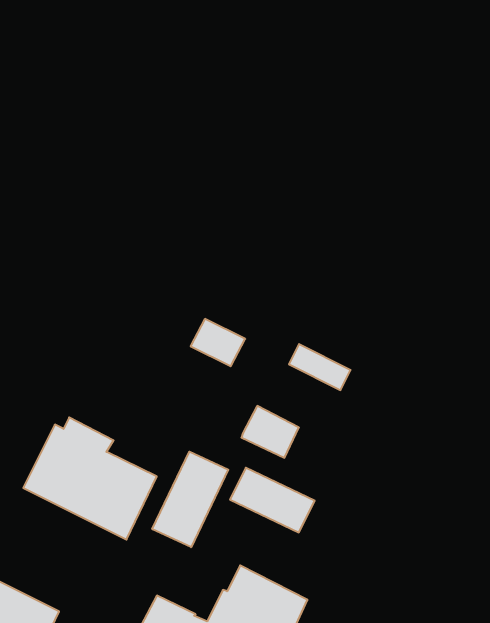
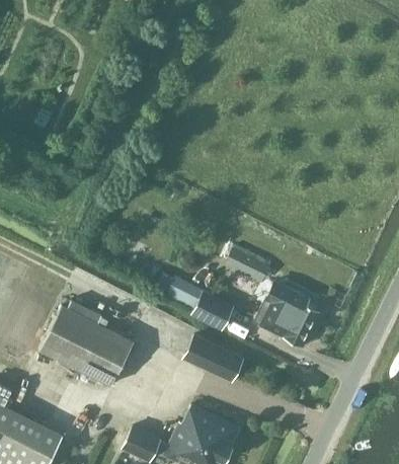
building: [191,319,245,366] -> [165,278,204,311]
building: none -> [266,283,319,347]
building: [152,452,228,547] -> none

